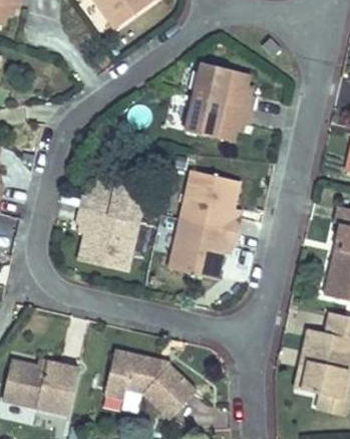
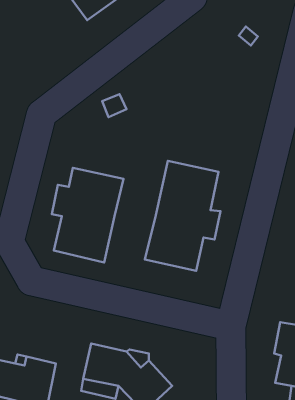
building: [190,58,258,138] -> none

